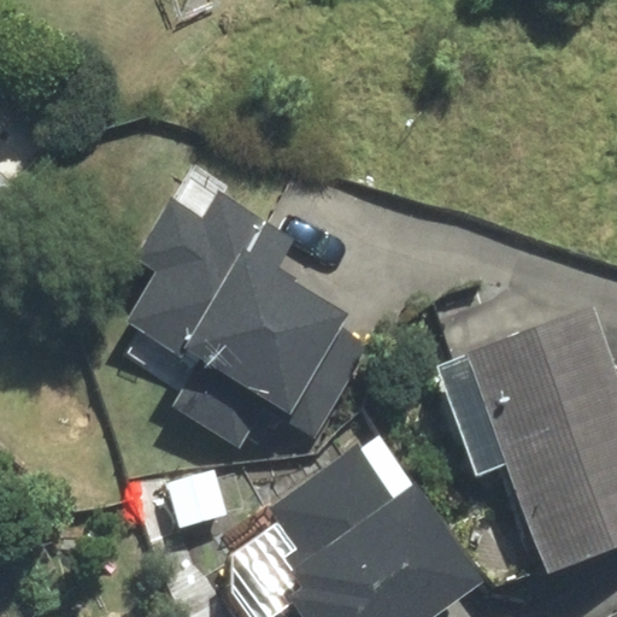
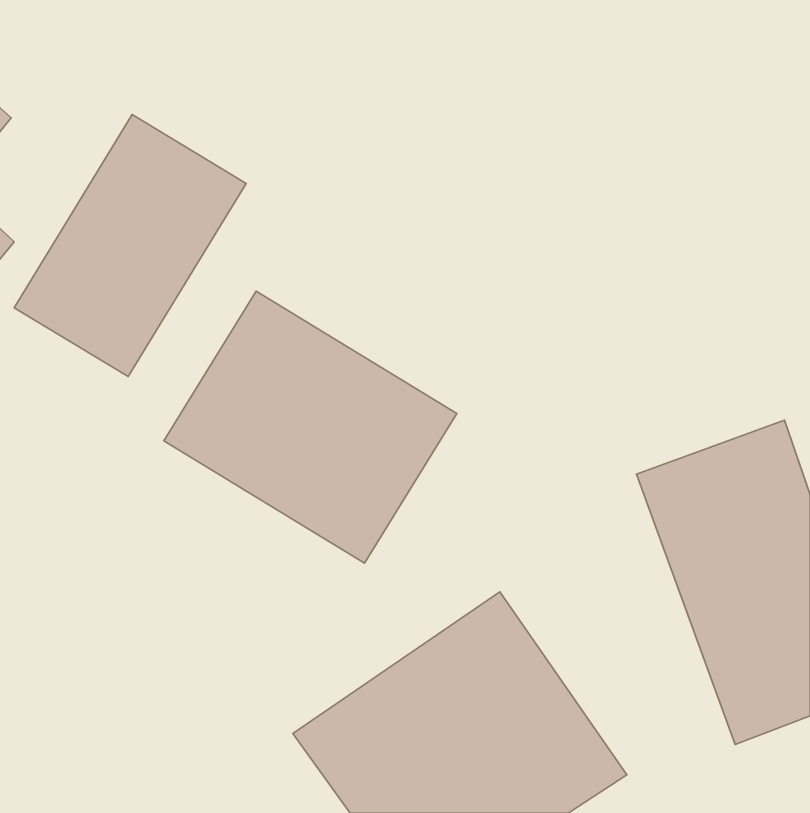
building: none -> [14,115,246,377]

